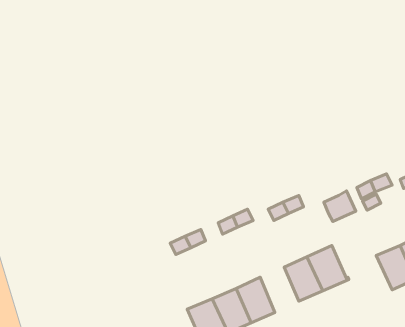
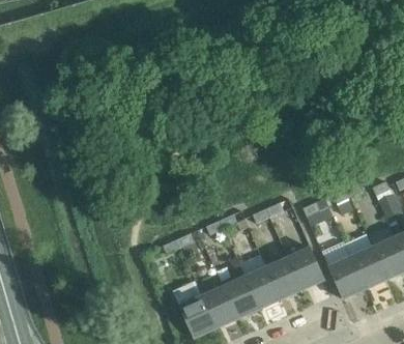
building: none -> [322,240,366,297]
building: none -> [246,266,281,308]

